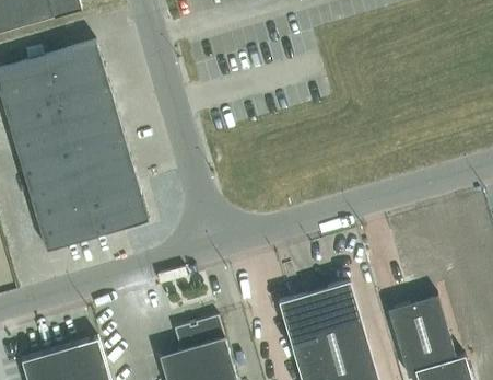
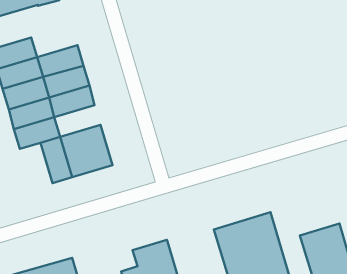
building: [45,42,104,82] -> none
building: [74,143,133,184] -> none
building: [31,192,72,251] -> none

